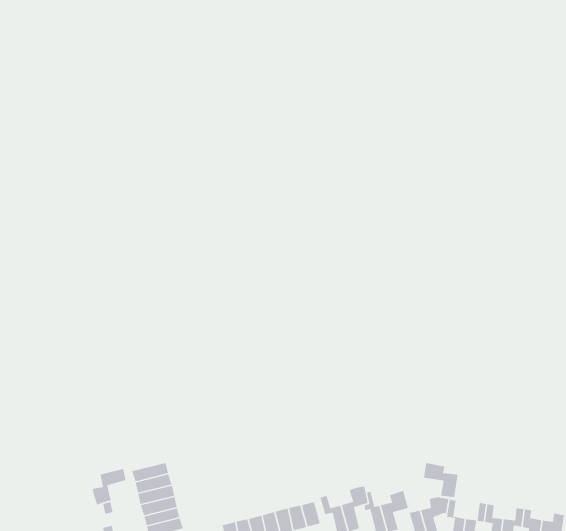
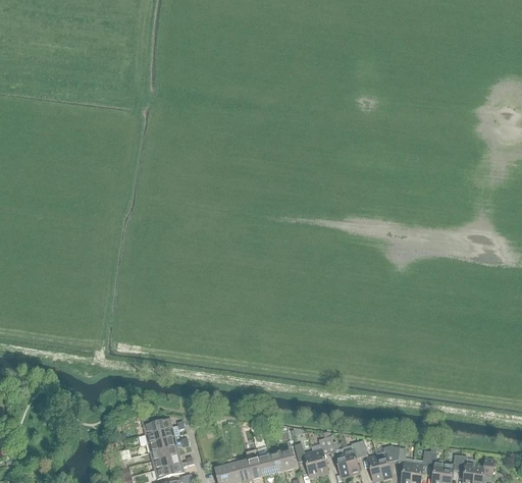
building: [423,462,459,498] -> none
building: [92,468,126,506] -> none

